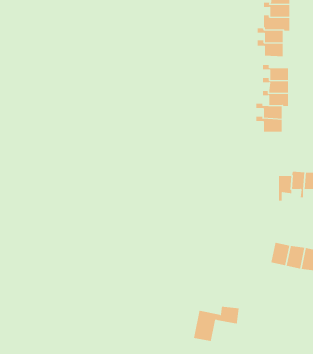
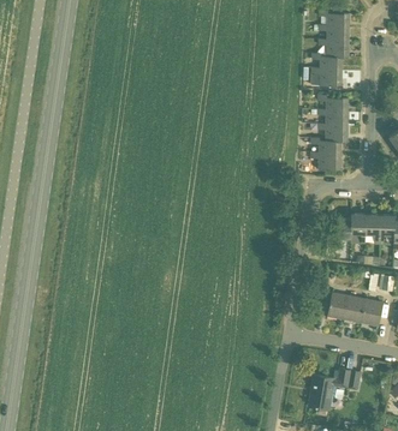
building: [193,306,240,342] -> [308,369,360,408]

